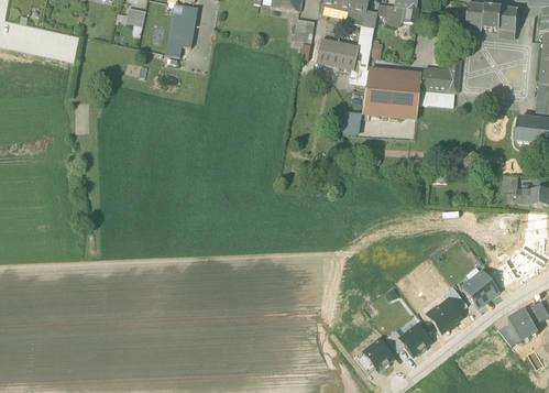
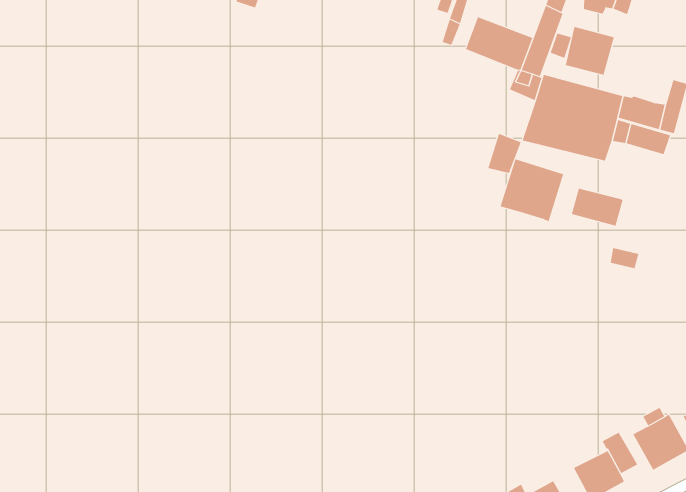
building: none -> [564,26,614,76]
building: none -> [500,159,564,222]
building: none -> [571,188,623,227]

